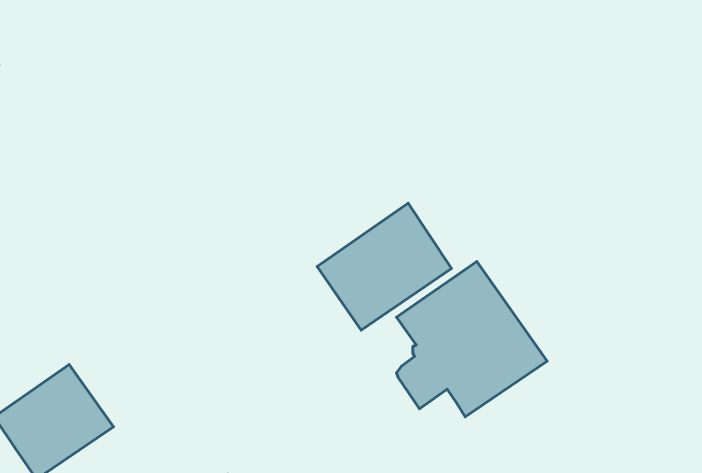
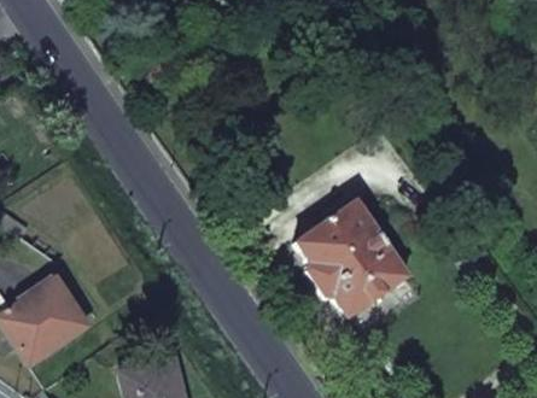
building: [317,203,451,330] -> none

